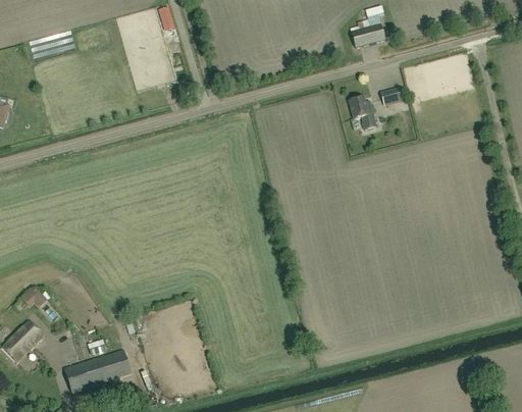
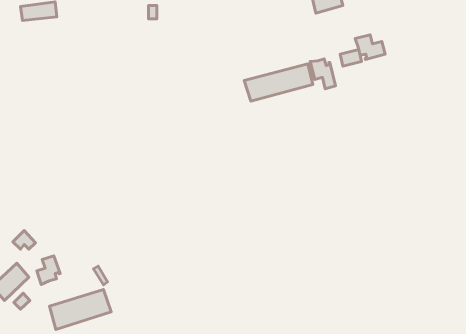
building: none -> [355,35,385,60]
building: none -> [244,64,313,101]
building: none -> [37,256,60,284]

